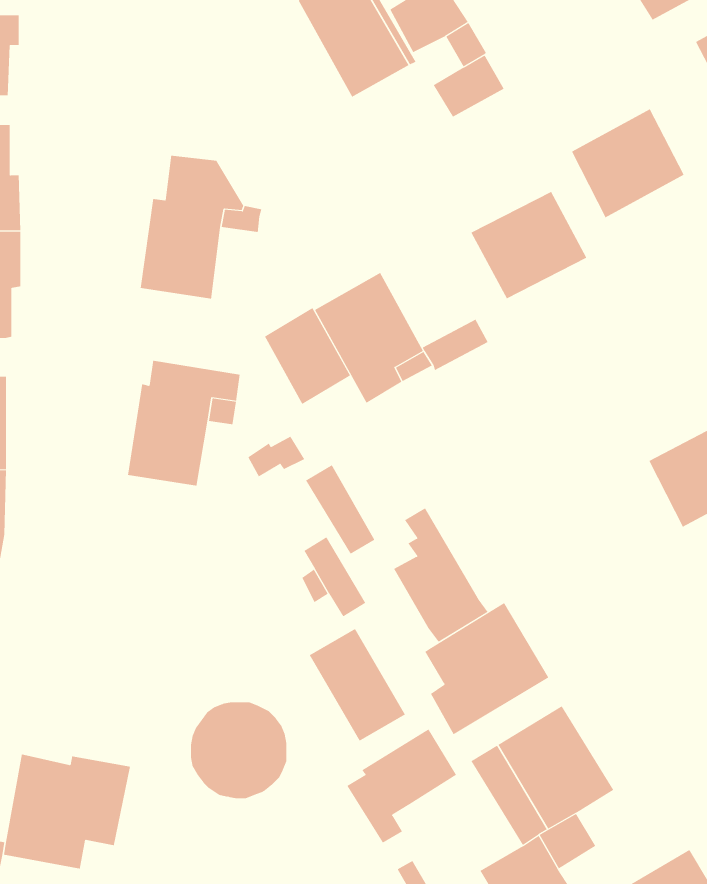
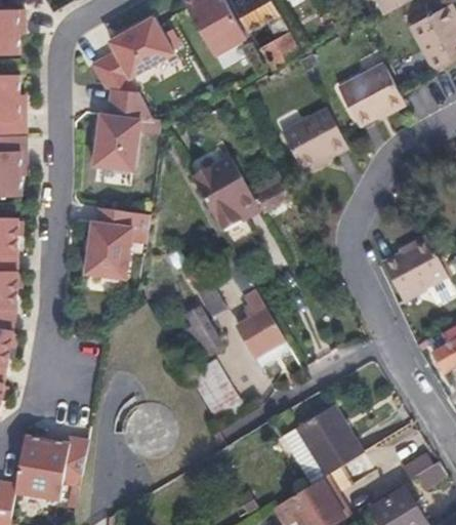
building: none -> [89,16,173,92]
building: [264,307,351,405] -> none
building: [424,602,549,735] -> none
building: [346,729,457,844] -> none

